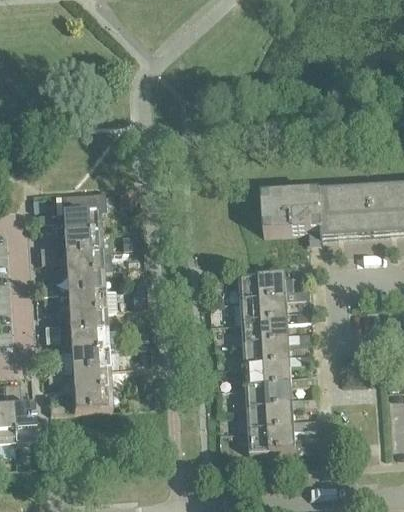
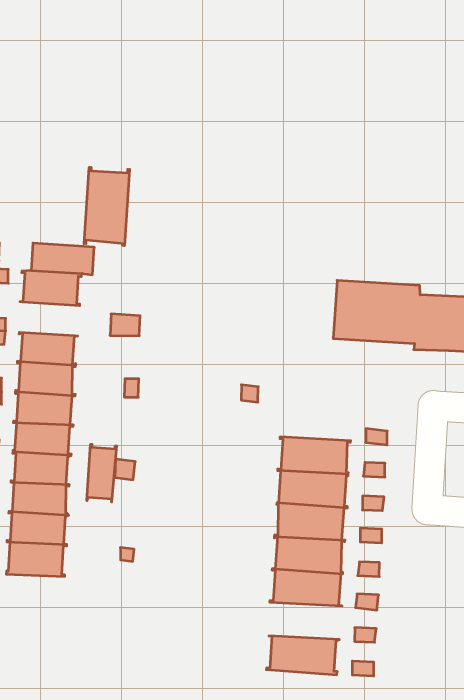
building: none -> [84,167,130,246]
building: [61,229,101,251] -> none
building: [239,274,286,299] -> none
building: none -> [87,444,117,502]
building: [246,404,294,429] -> none

